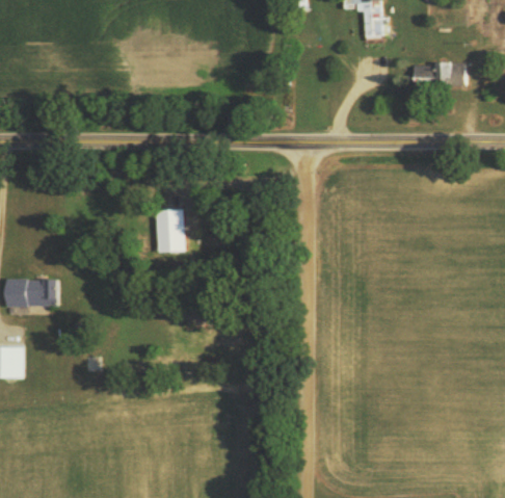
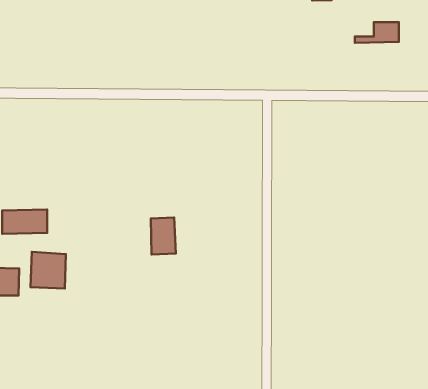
building: [156,209,185,252] -> [151,218,176,254]
building: none -> [31,252,66,288]

